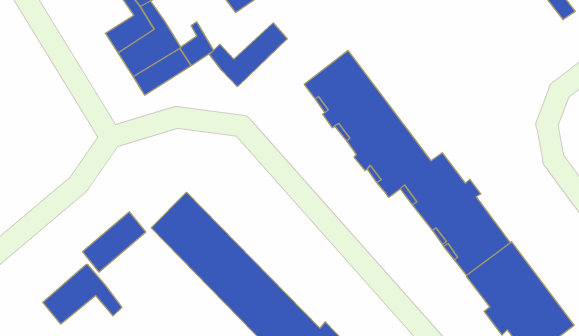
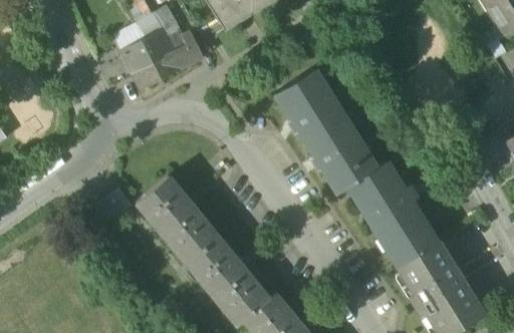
building: [210,23,287,87] -> none
building: [43,264,122,324] -> none

